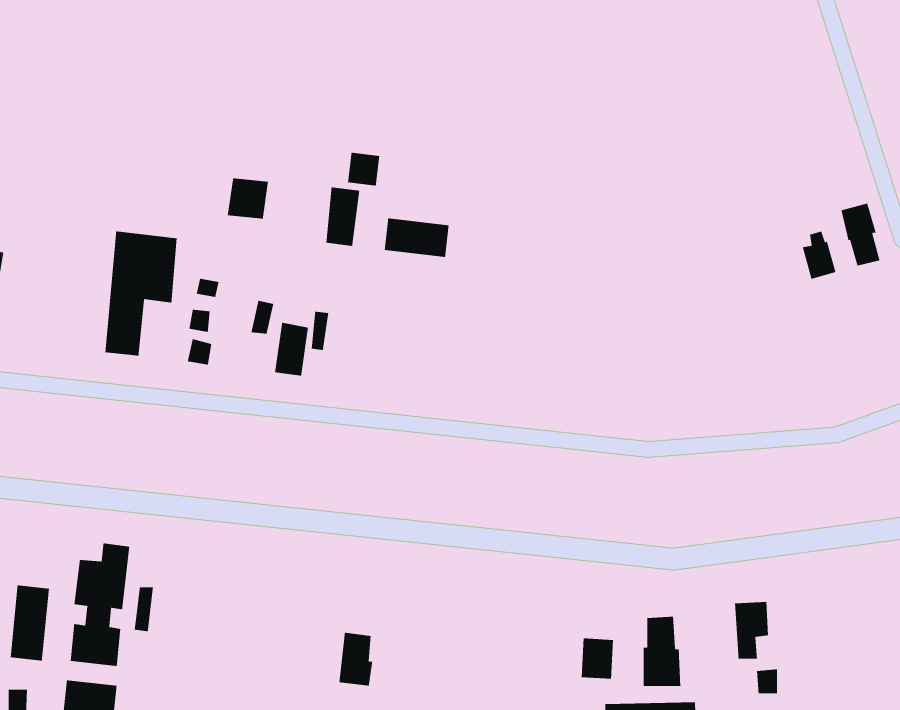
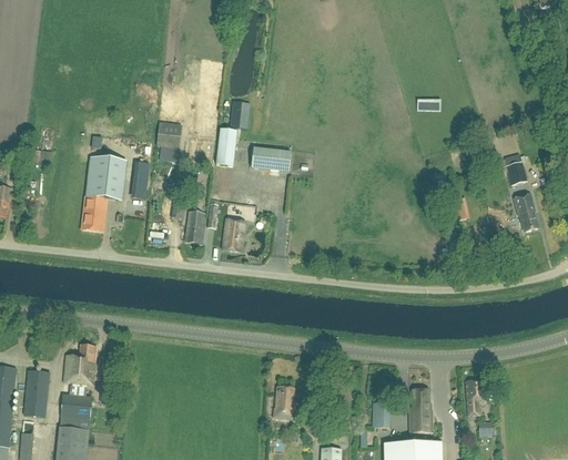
building: [840,202,881,266] -> [513,193,537,232]
building: none -> [221,218,244,252]
building: [339,632,373,687] -> [273,386,294,419]

